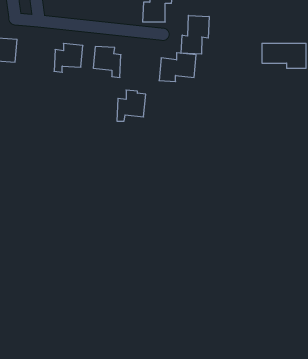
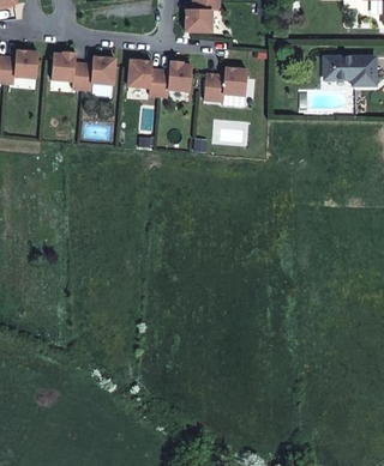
building: [181,15,209,54] -> none
building: none -> [52,52,83,89]
building: [117,90,146,121] -> [158,60,192,96]

